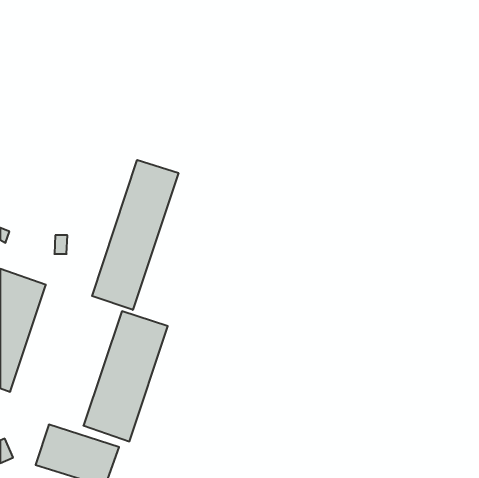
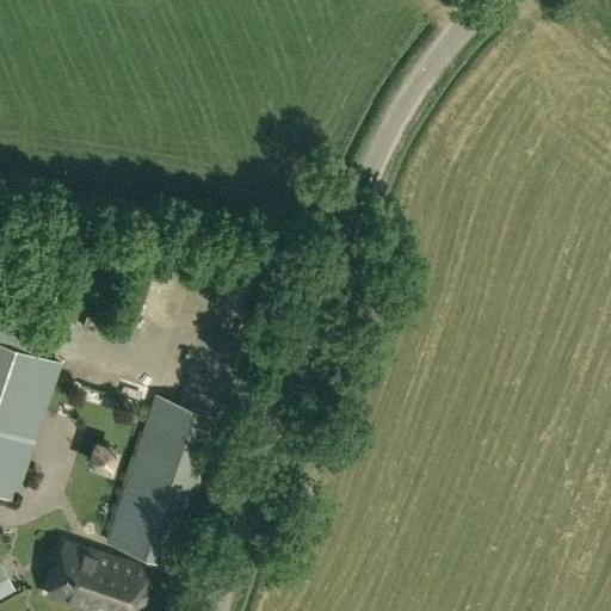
building: [92,160,178,310] -> none

